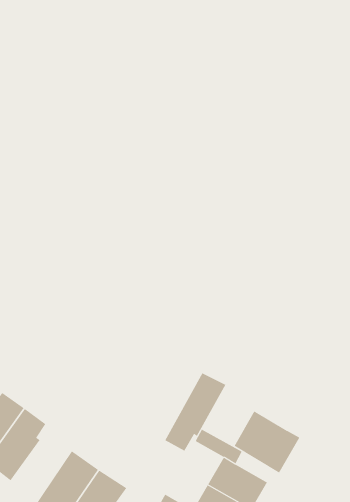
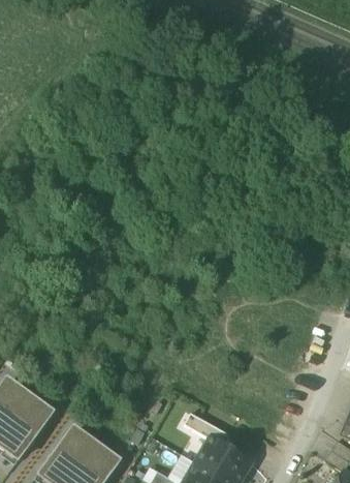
building: [164,372,226,451] -> none
building: [234,411,300,473] -> none

